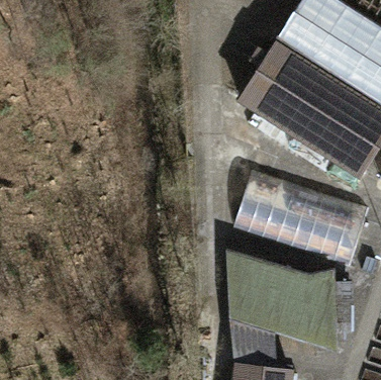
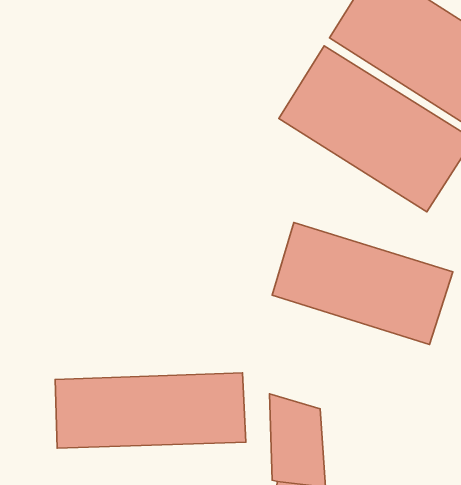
building: [229,255,335,331] -> none
building: none -> [55,373,246,448]

